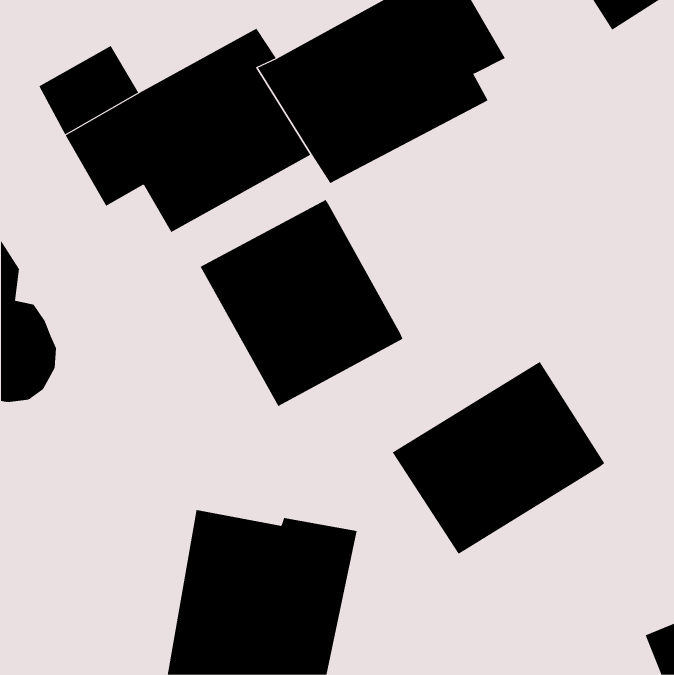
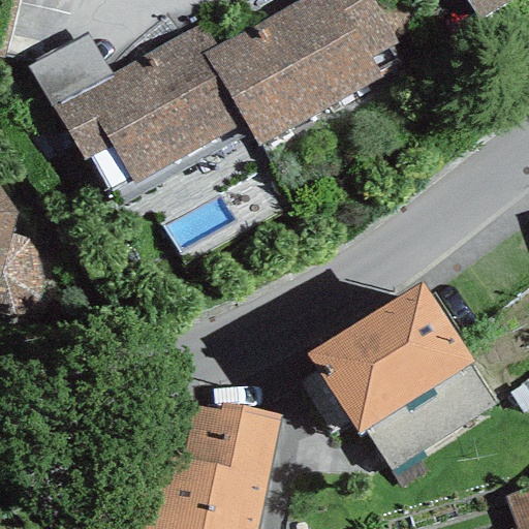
building: [200,199,403,407] -> none
building: none -> [365,365,497,470]

